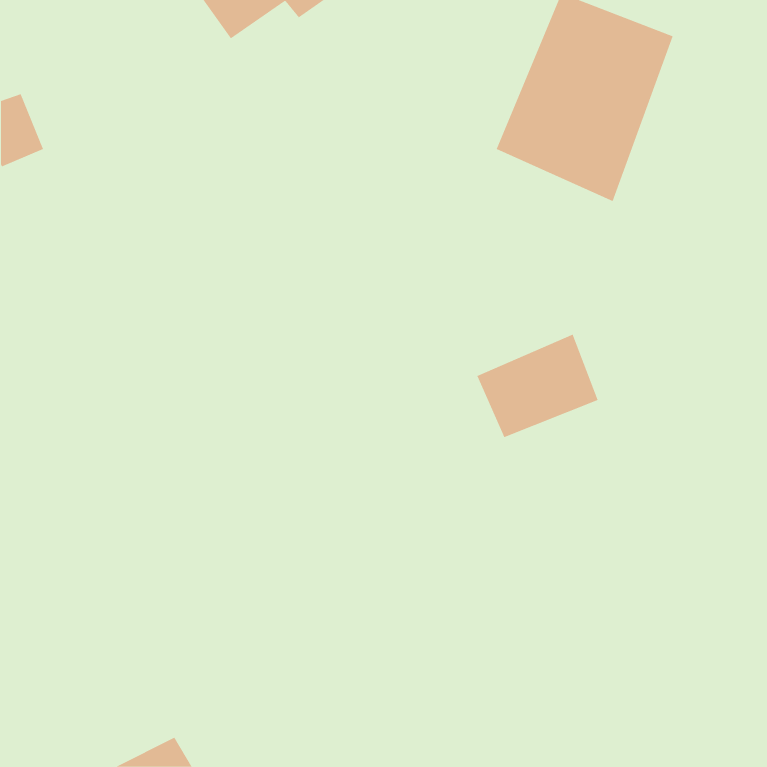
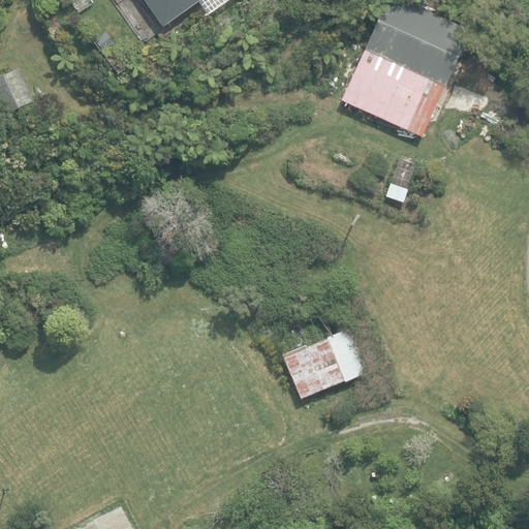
building: [477,334,599,438] -> [284,326,368,398]

